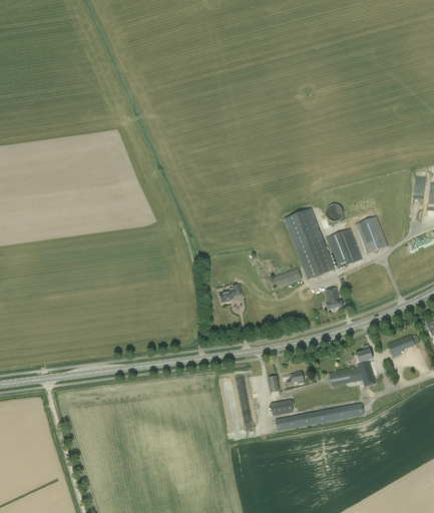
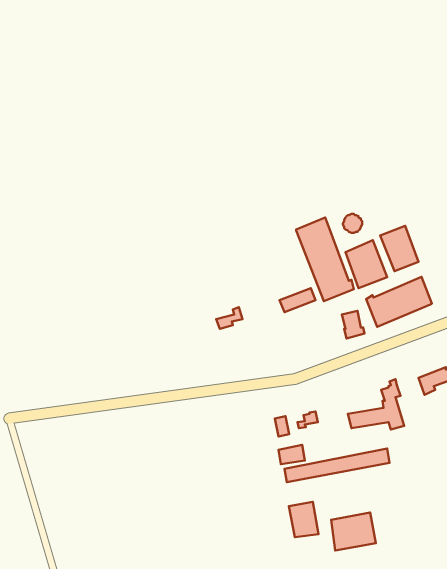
building: none -> [366,277,432,327]
building: none -> [289,502,319,537]
building: none -> [331,512,376,550]

